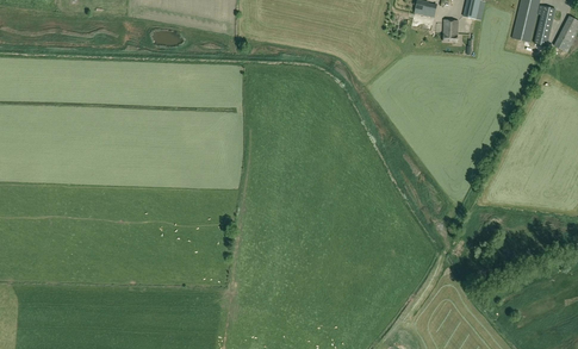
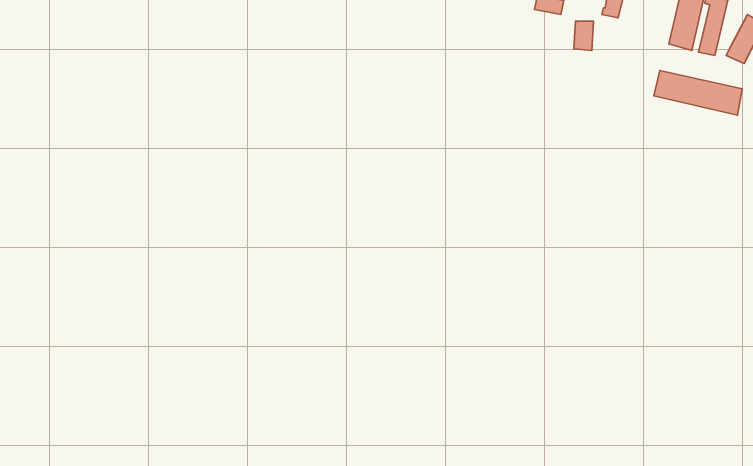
building: none -> [654,70,742,115]

